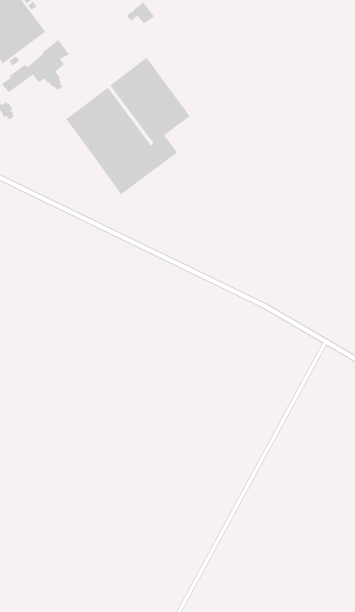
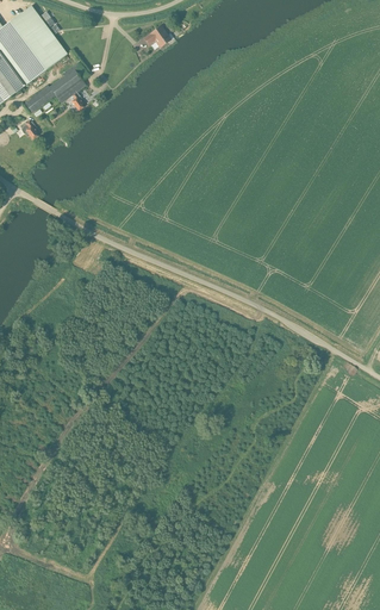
building: [65,57,190,195] -> none

